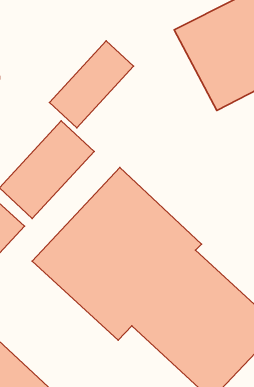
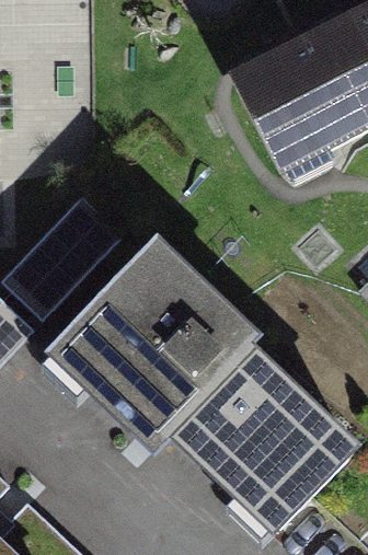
building: [49,41,134,128] -> none

